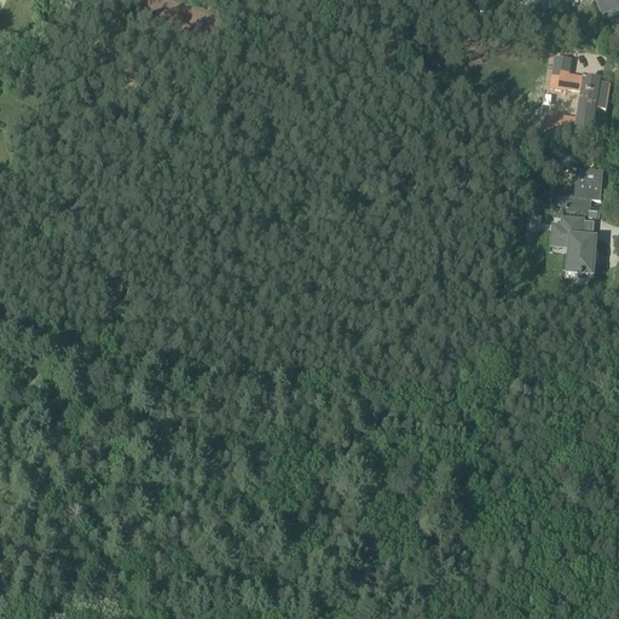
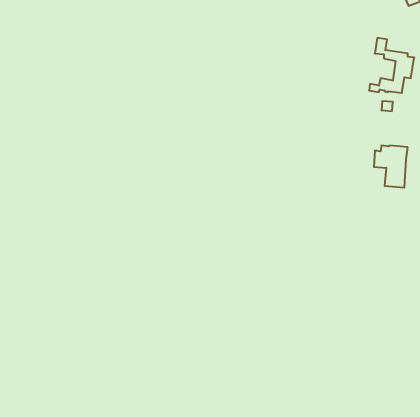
building: [544,167,603,208] -> none

